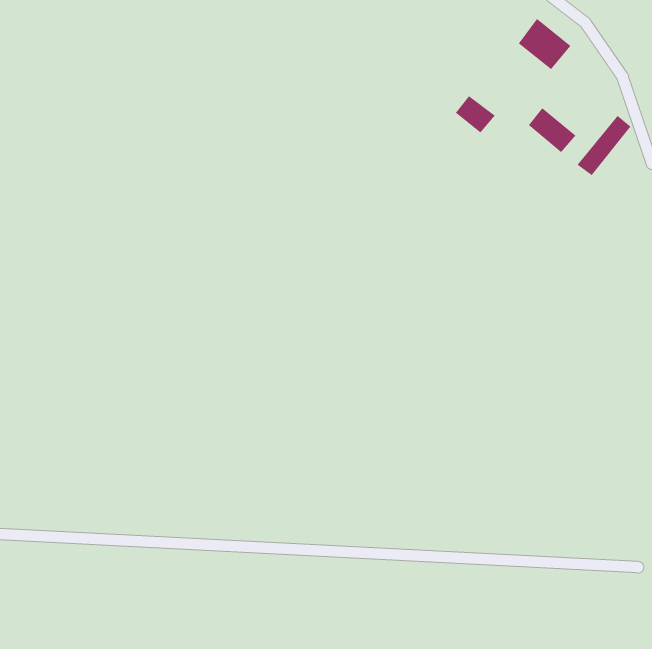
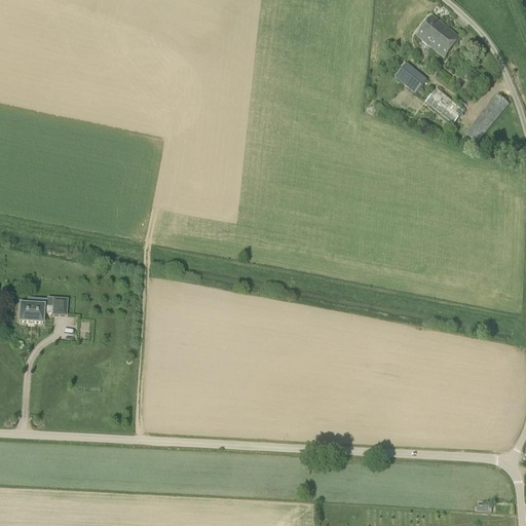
building: [455,95,496,133] -> [393,62,426,92]
building: none -> [17,297,65,321]

